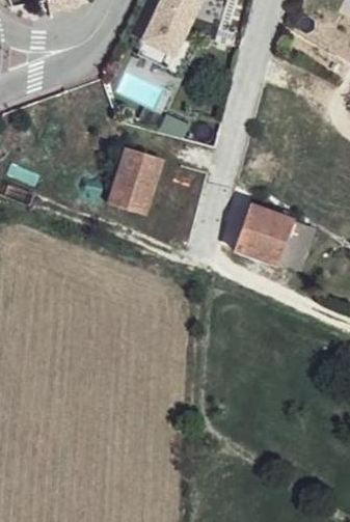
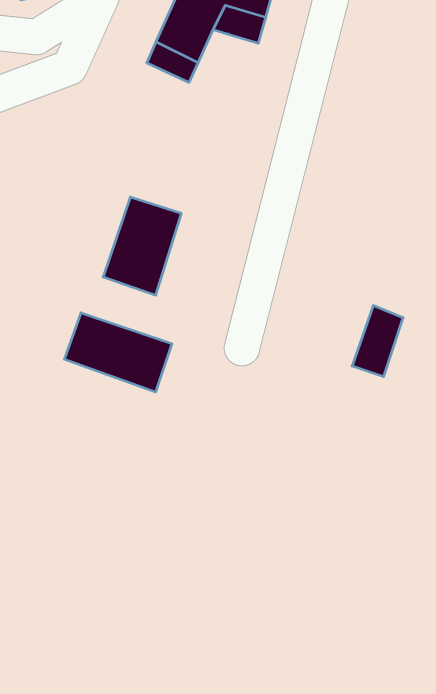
building: [223,200,285,263] -> none
building: none -> [64,313,172,392]

